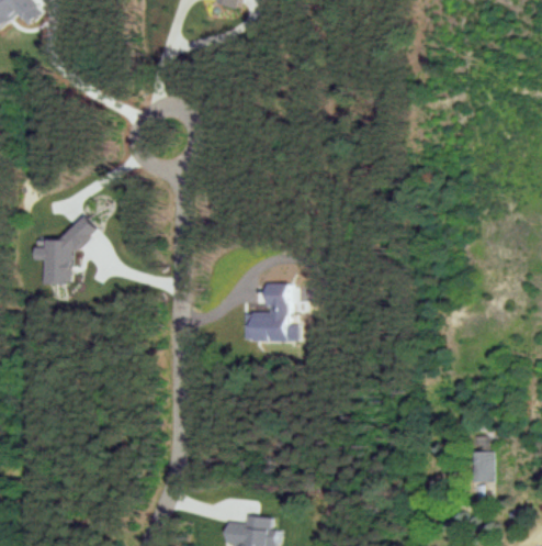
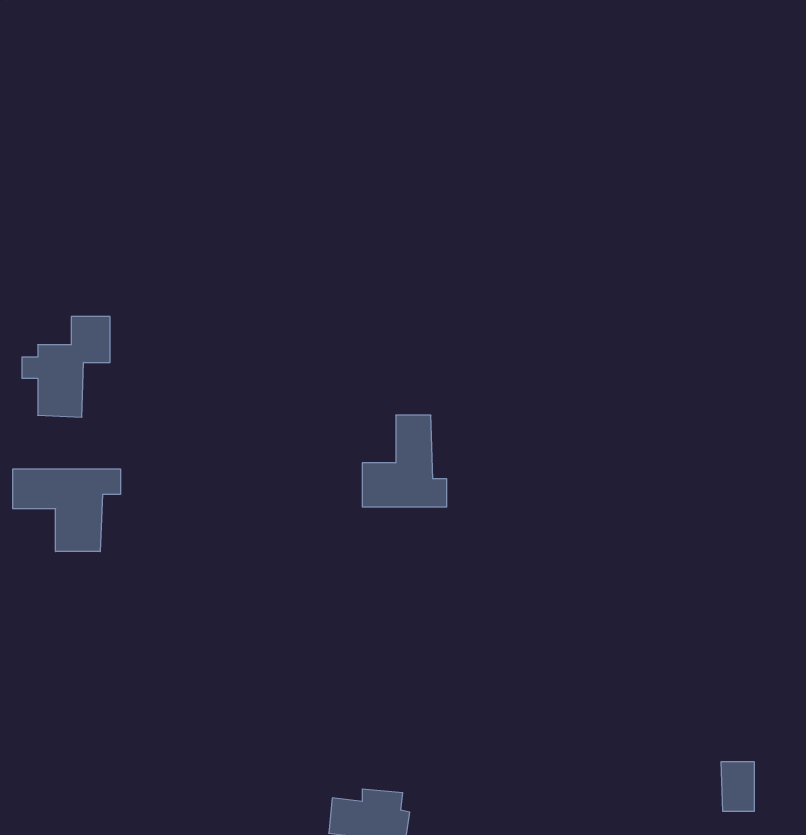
building: none -> [13,469,120,552]
building: [472,452,493,482] -> [721,762,754,811]

